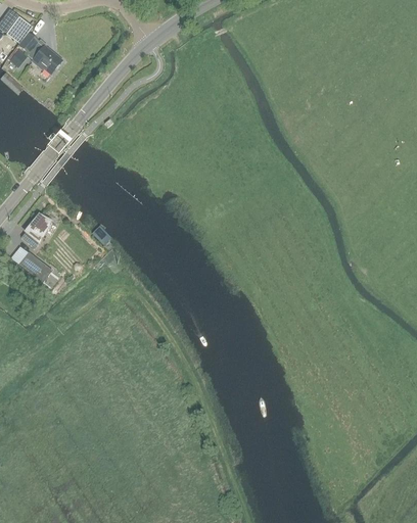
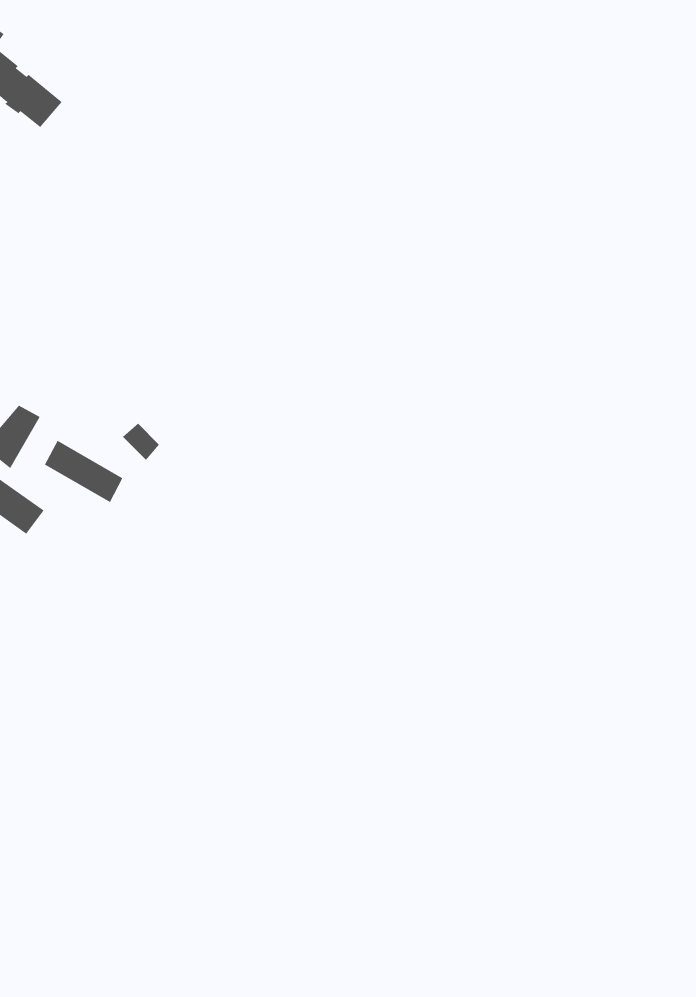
building: none -> [44,440,123,503]

